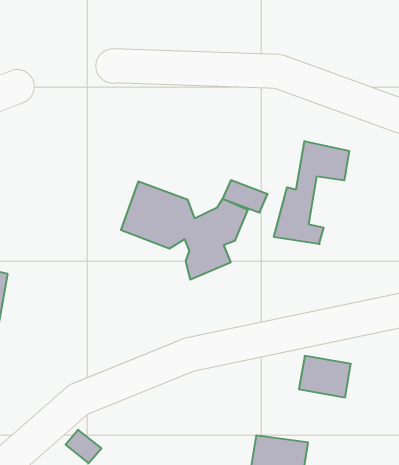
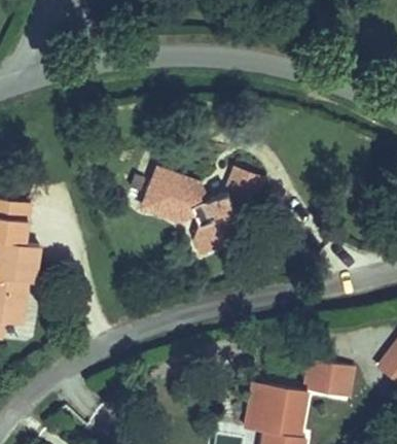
building: [274,141,349,244] -> none
building: [299,356,351,397] -> [303,366,350,403]

